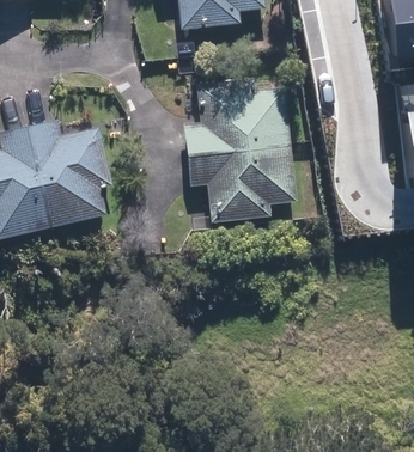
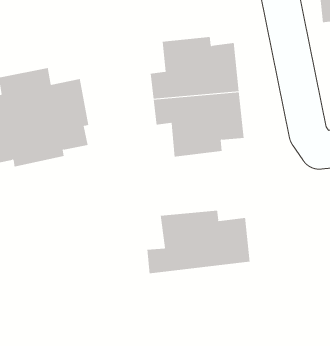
building: none -> [147,210,250,274]

